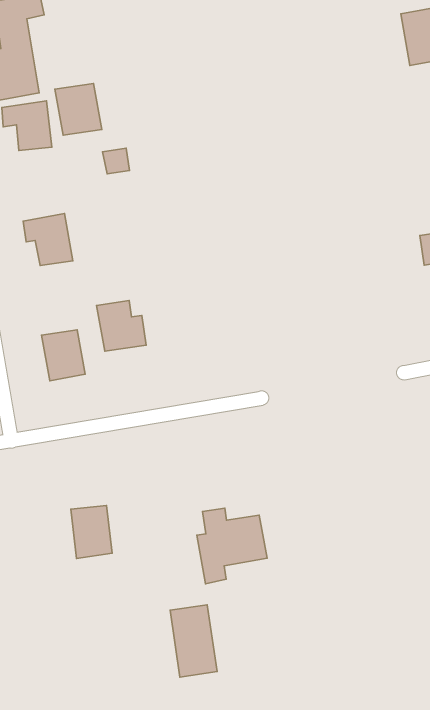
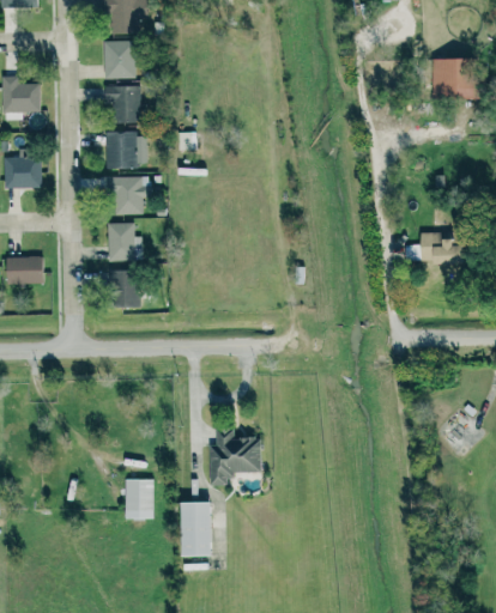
building: [55,84,102,135] -> [107,132,139,169]
building: [96,301,146,351] -> [109,224,144,261]
building: [71,505,112,558] -> [126,479,156,518]

